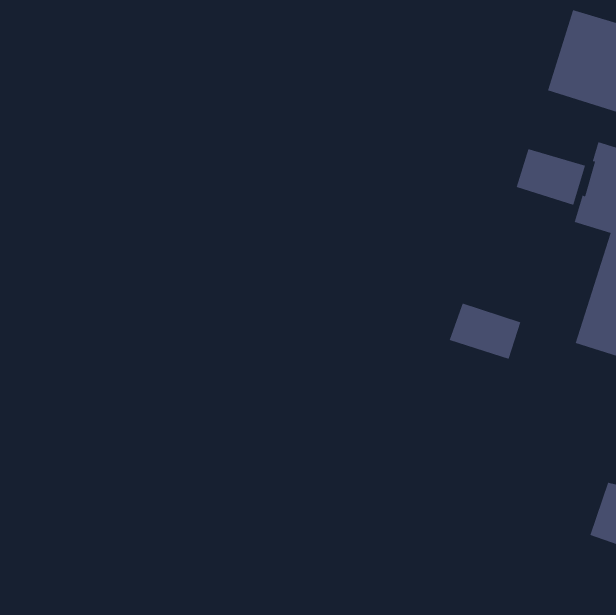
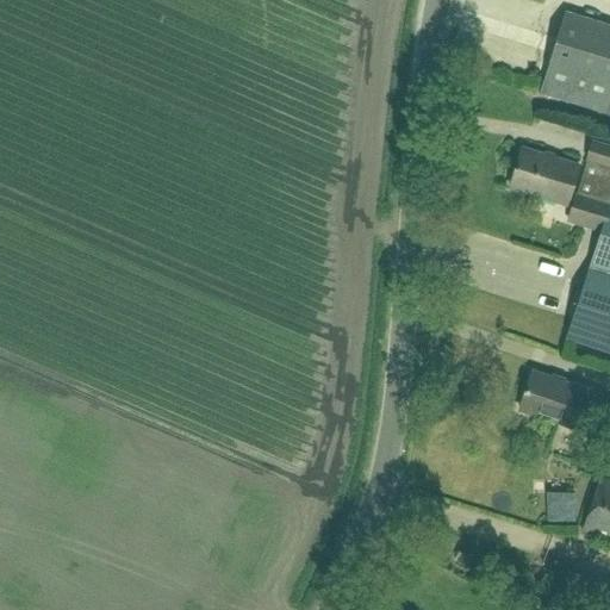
building: [449,303,521,360] -> [519,371,591,427]
building: none -> [548,496,577,523]

